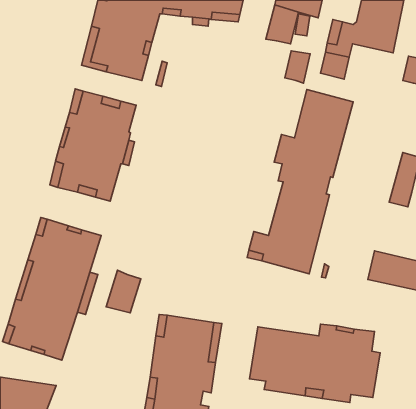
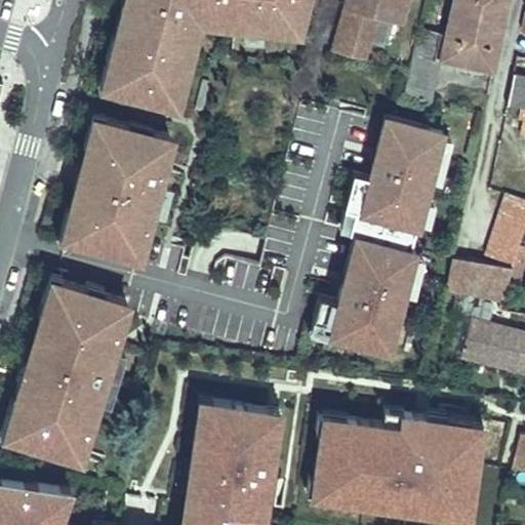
building: [285,51,310,83] -> none
building: none -> [448,262,513,307]
building: [106,270,141,313] -> none

